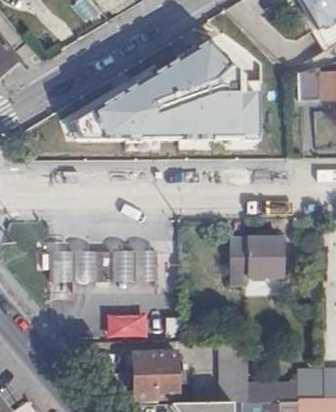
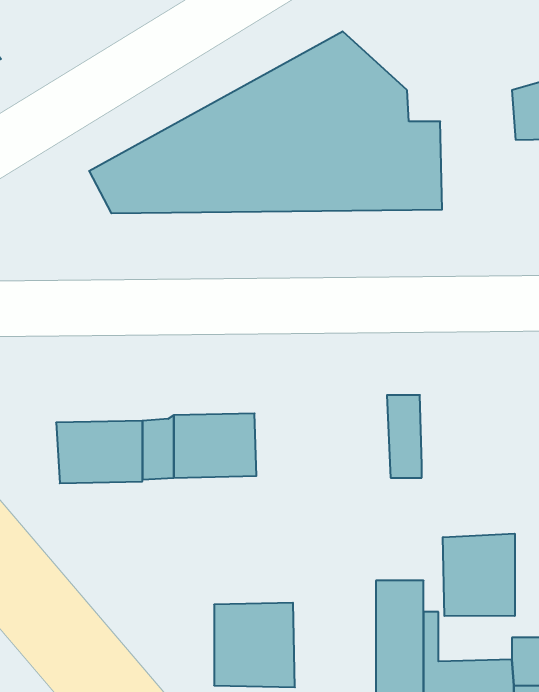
building: [247,238,284,277] -> none
building: [104,311,147,336] -> none
building: none -> [443,534,515,616]

